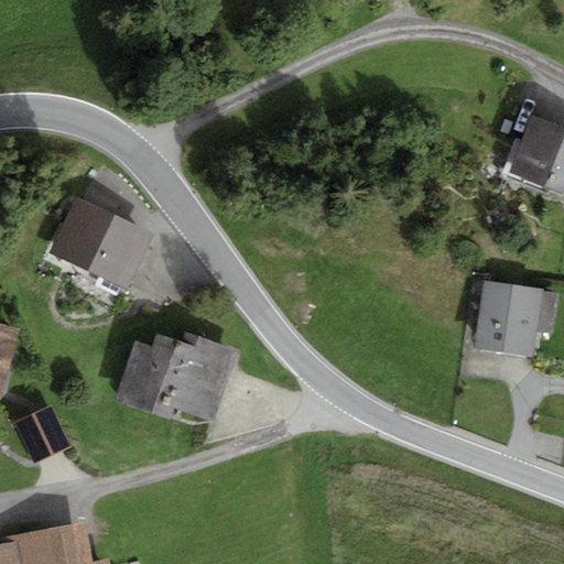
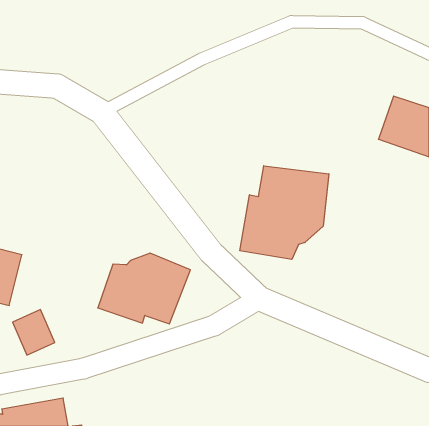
building: [50,196,151,286] -> none
building: none -> [240,166,329,259]
building: [459,286,549,361] -> none

